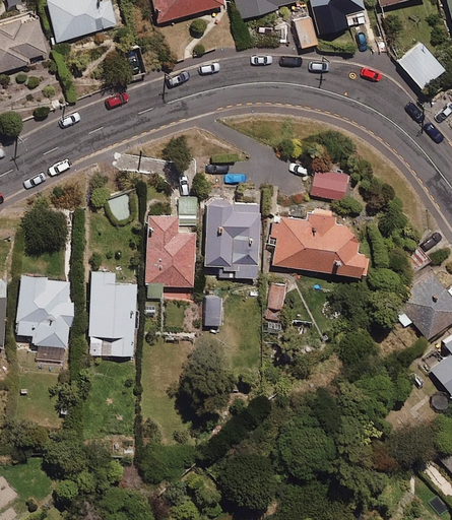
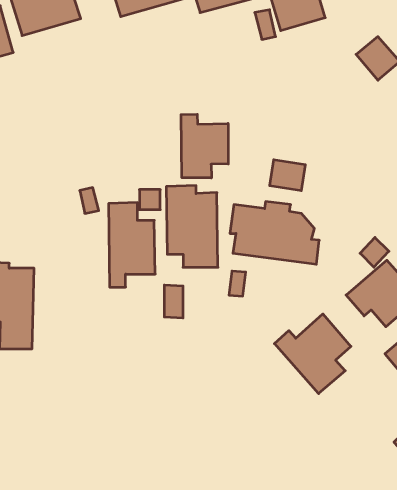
building: none -> [181,114,228,178]
building: [88,269,135,355] -> none
building: none -> [274,314,351,394]

